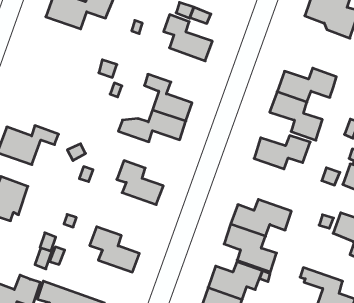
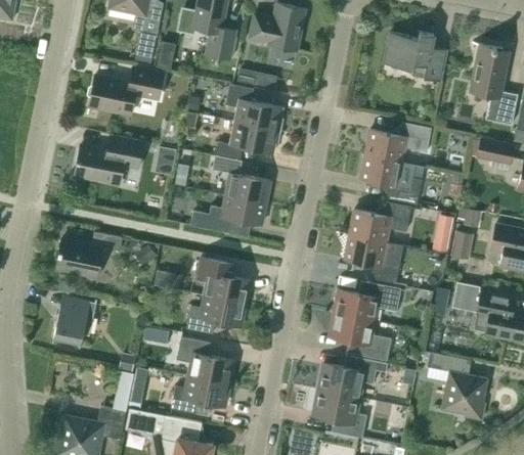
building: none -> [75,134,144,184]
building: none -> [216,122,278,160]
building: none -> [345,234,399,283]
building: none -> [187,294,246,333]
building: none -> [171,375,229,413]

